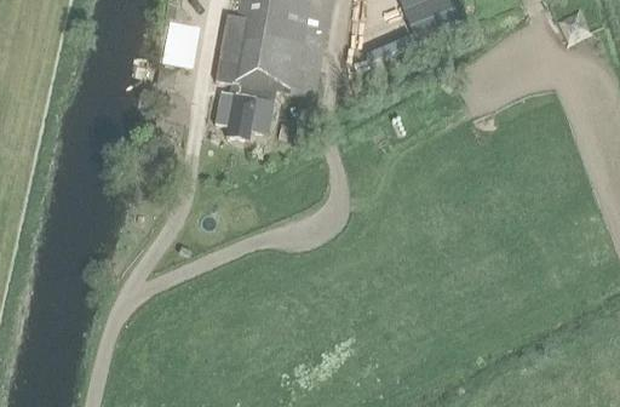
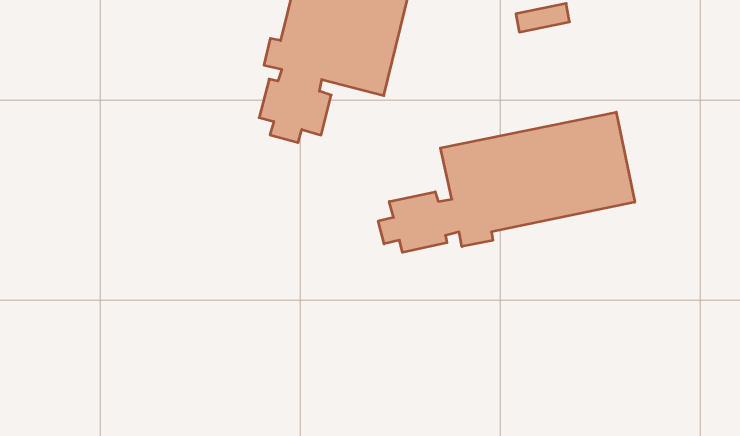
building: none -> [378,112,635,252]

